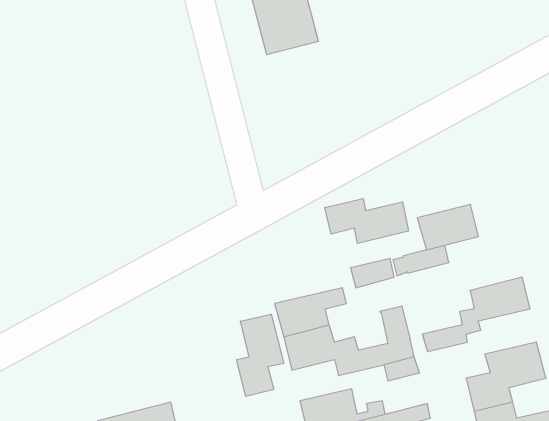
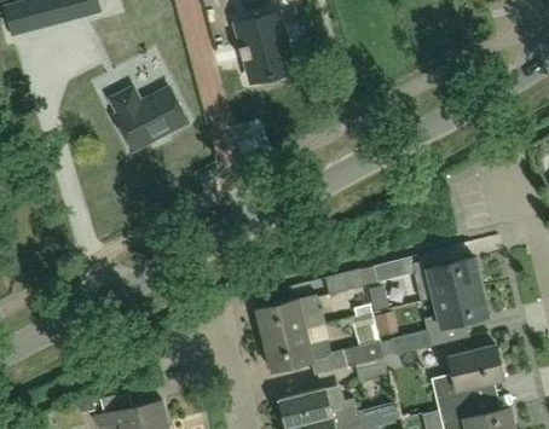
building: none -> [114,87,186,149]
building: [325,198,409,243] -> none
building: [417,204,478,250] -> [426,256,481,297]
building: [237,314,284,396] -> none

